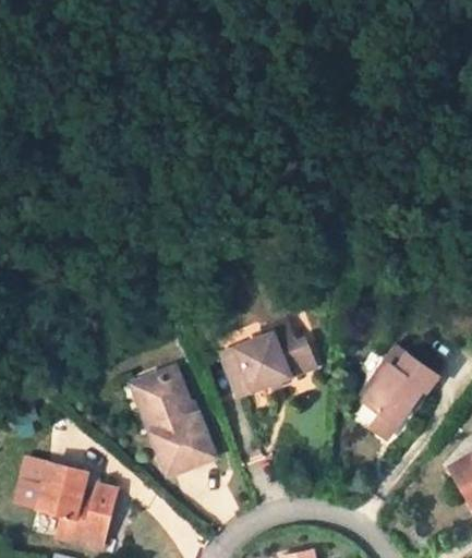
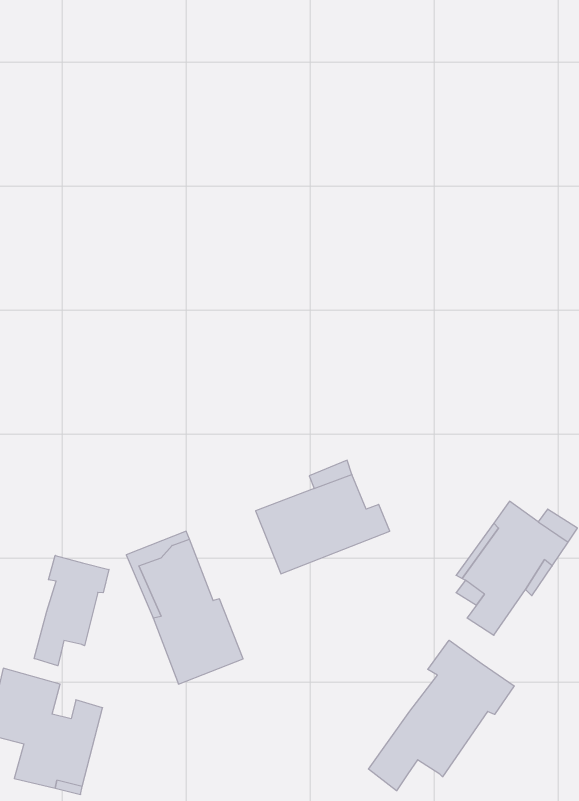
building: none -> [34,555,109,666]
building: none -> [368,640,514,791]

